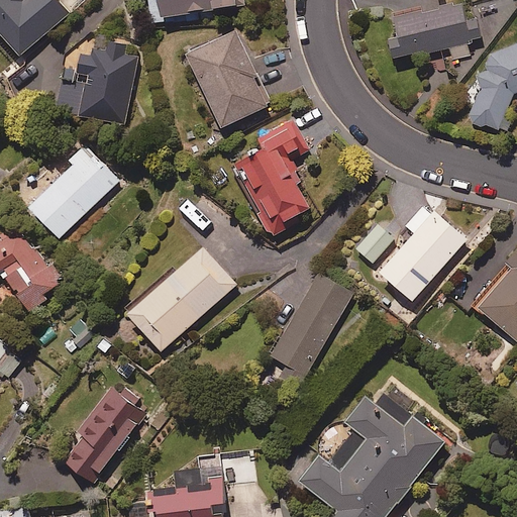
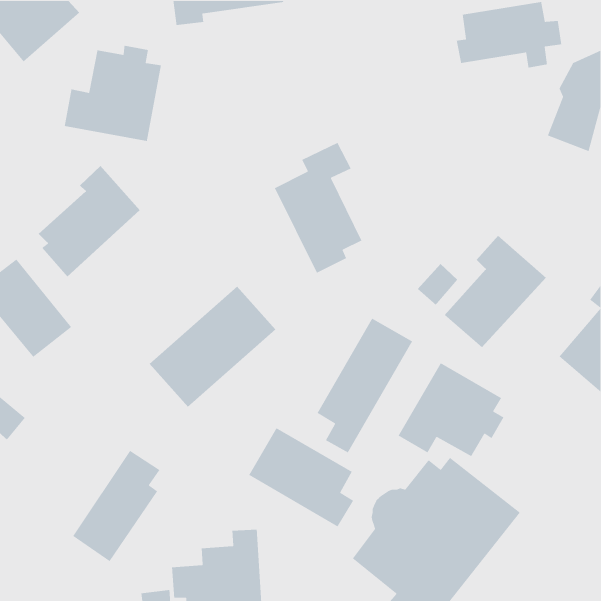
building: [187,28,269,126] -> none
building: none -> [397,362,505,457]
building: none -> [248,427,354,527]

